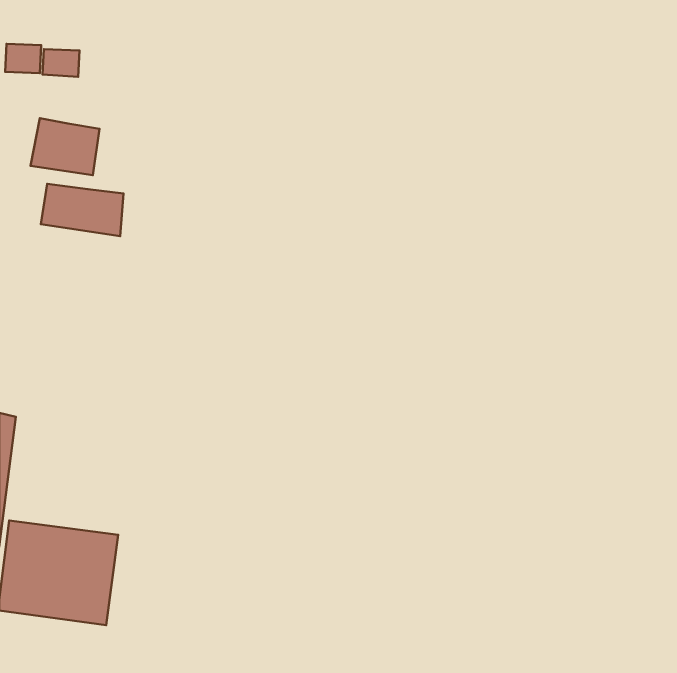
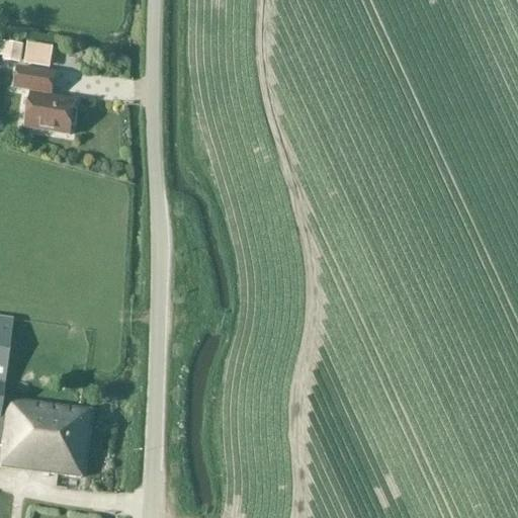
building: none -> [13,65,55,94]
building: [41,184,124,236] -> none

